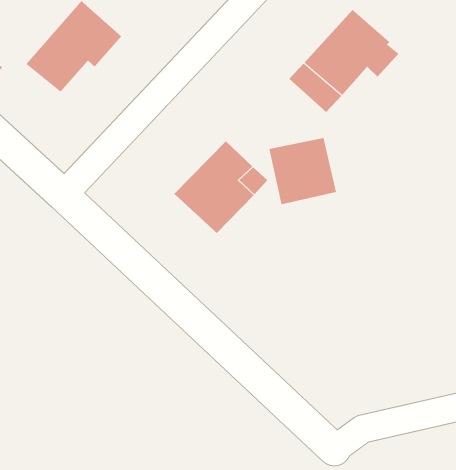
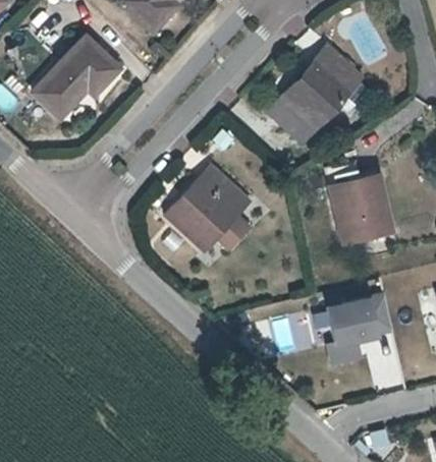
building: [268,137,337,205] -> [330,175,391,235]
building: none -> [320,290,387,363]

